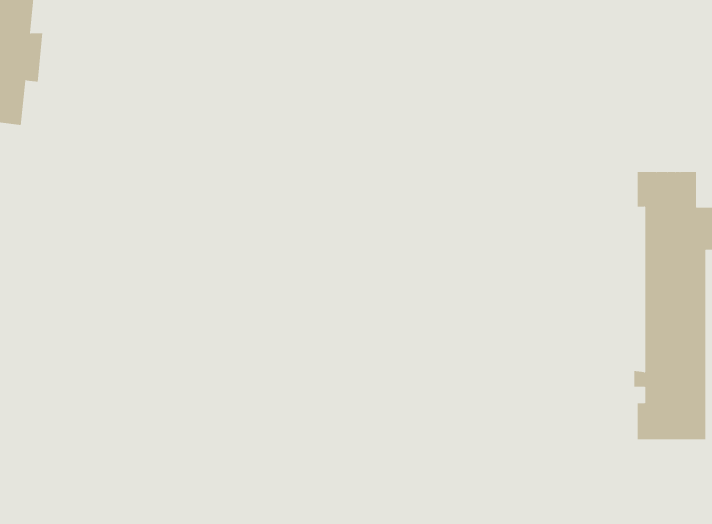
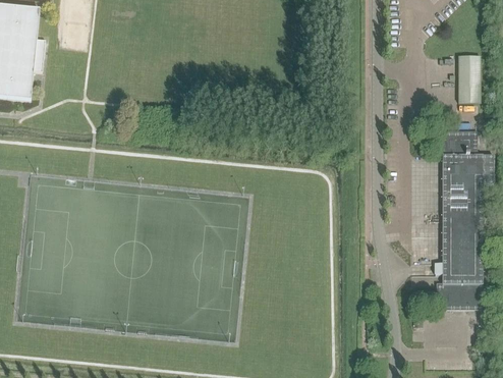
building: none -> [458,55,480,102]

